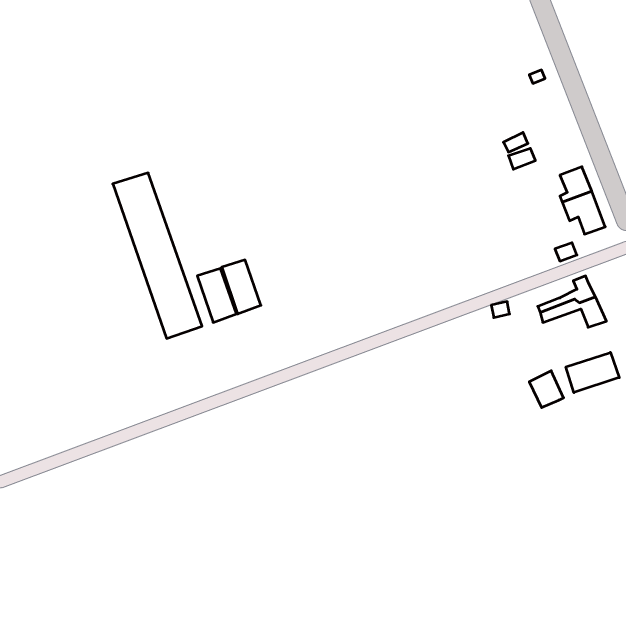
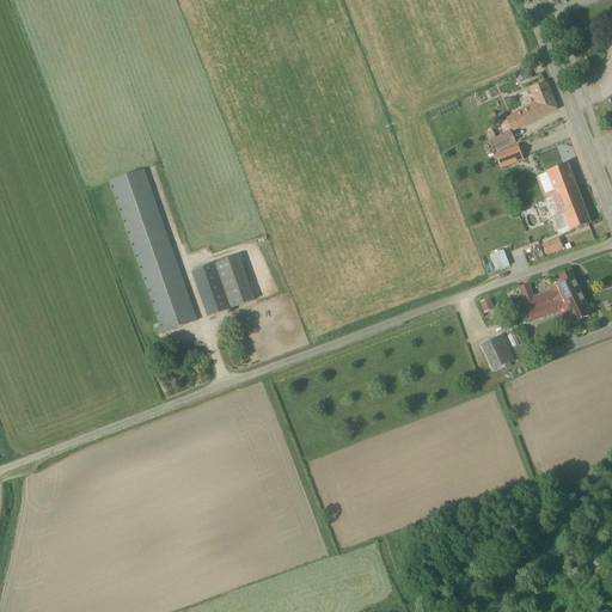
building: none -> [507,80,557,129]
building: [566,352,619,393] -> none
building: [529,371,564,408] -> [482,332,515,368]

